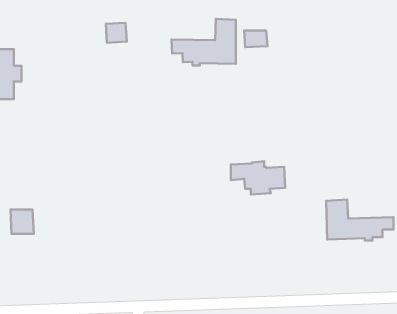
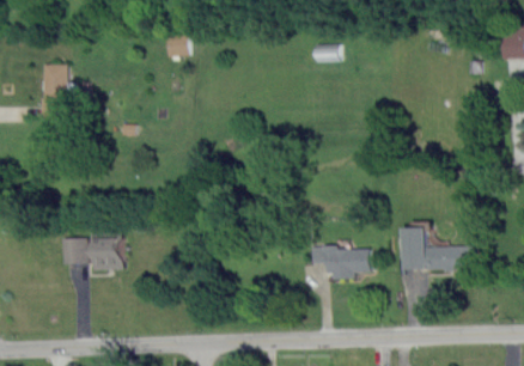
building: [172,19,236,66] -> none
building: [231,161,285,194] -> [312,243,371,279]
building: none -> [95,231,126,270]

